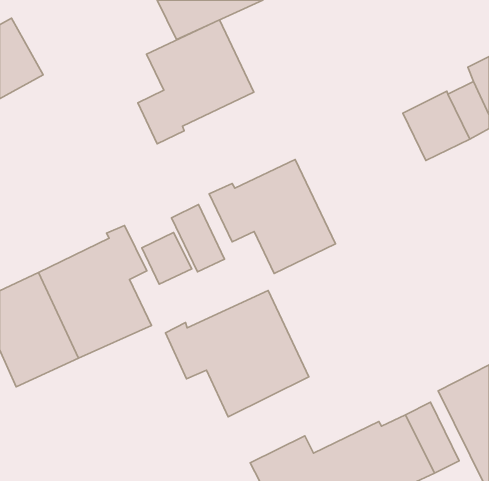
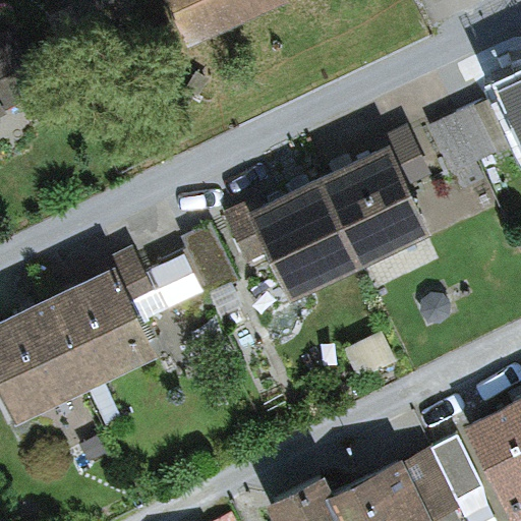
building: [138,20,254,144] -> none
building: none -> [313,127,435,269]
building: [166,291,309,417] -> none

